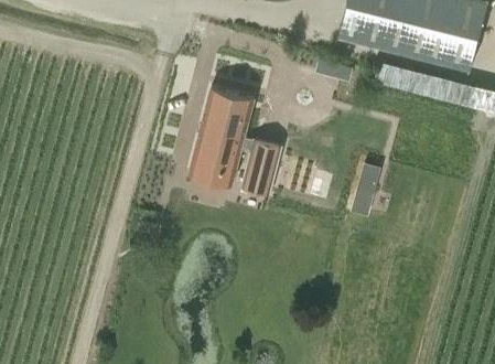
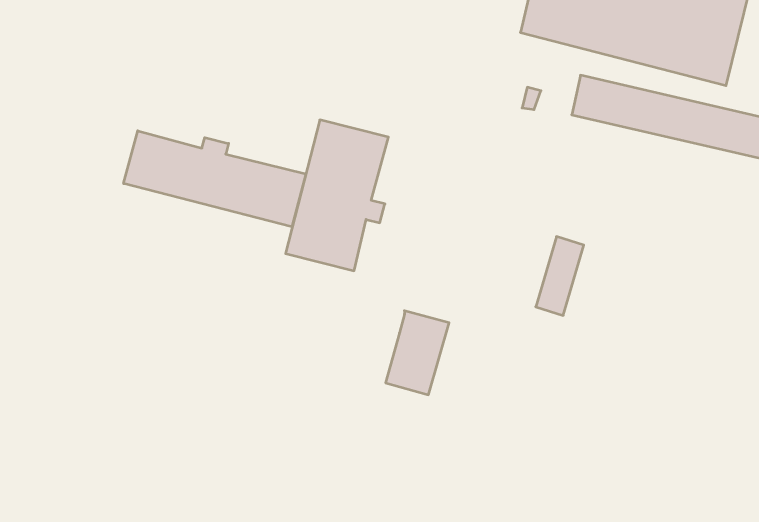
building: none -> [124,131,306,227]
building: [241,138,282,192] -> [386,311,449,395]

